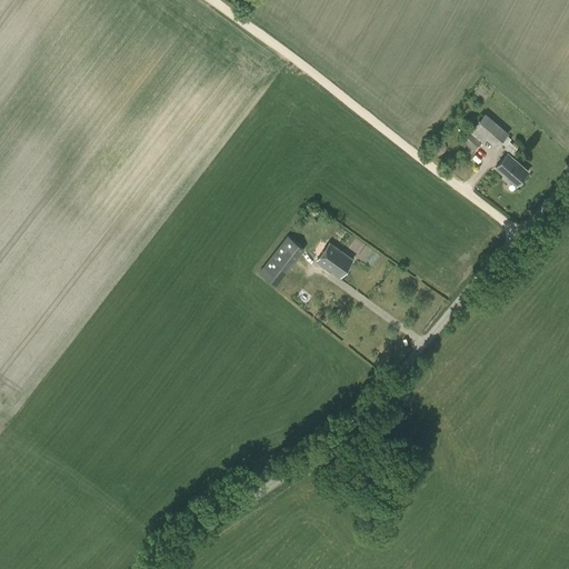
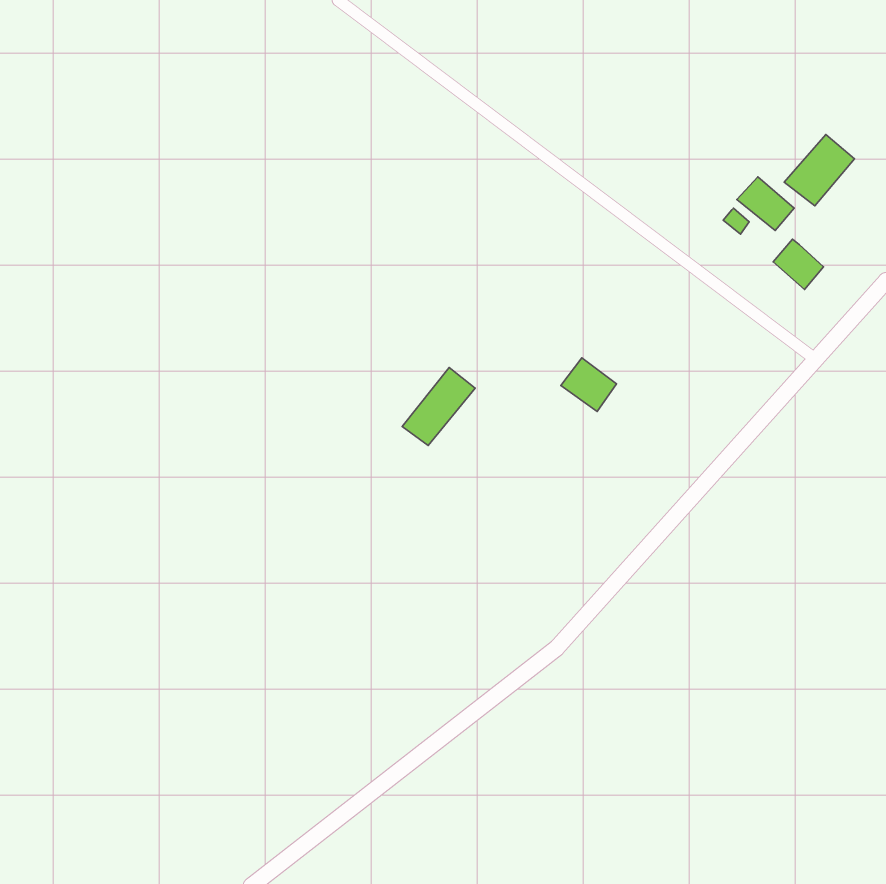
building: none -> [784,134,854,206]
building: [317,243,352,278] -> [561,358,616,412]

